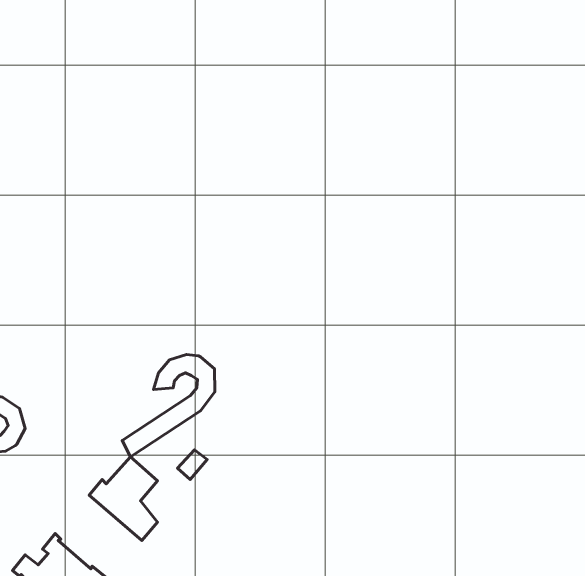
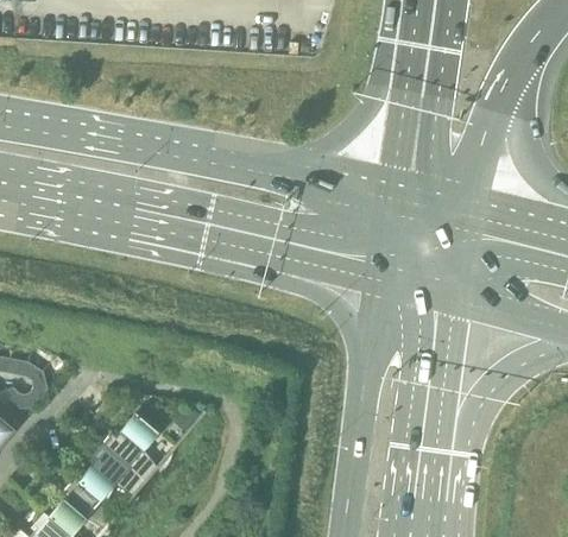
building: [122,354,215,457] -> none
building: none -> [75,444,145,506]

